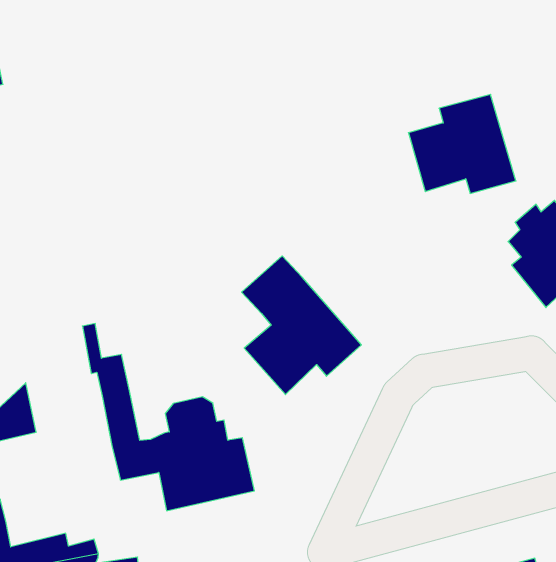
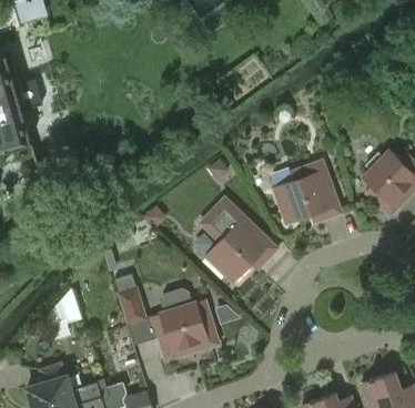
building: [408,94,516,193] -> [273,161,342,224]

